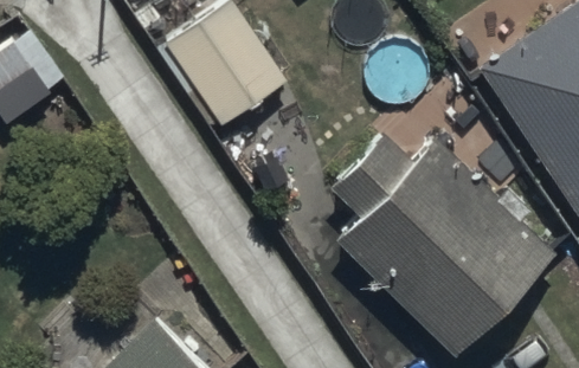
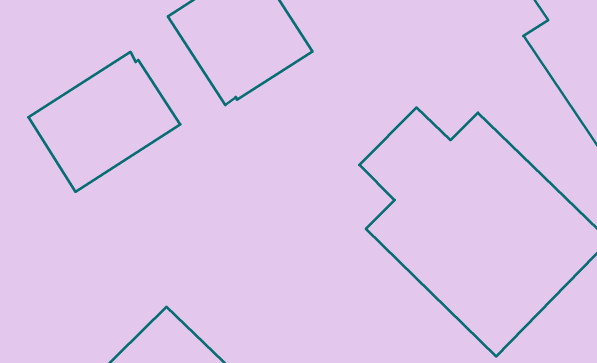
building: none -> [28,52,180,192]

